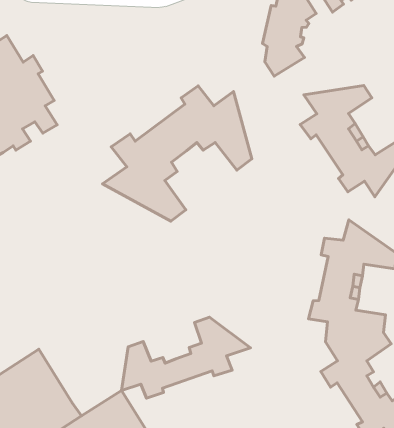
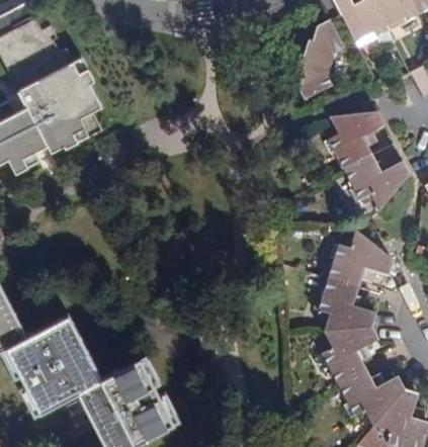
building: [102,86,252,221] -> none
building: [121,317,250,398] -> none

